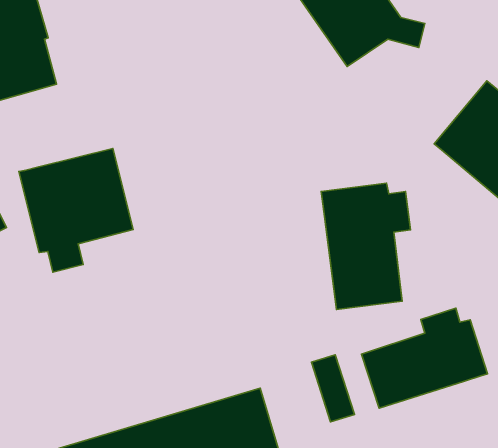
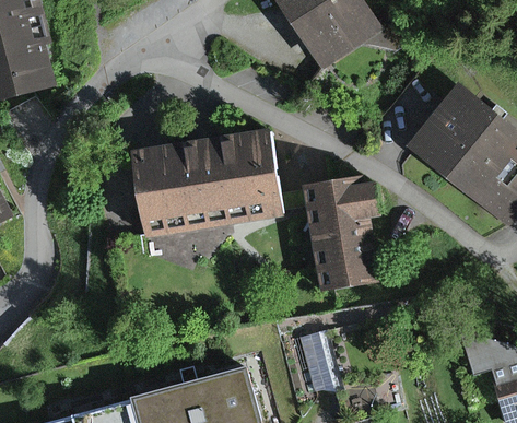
building: none -> [127,131,305,248]
building: [19,149,133,272] -> none
building: [362,308,488,408] -> none

